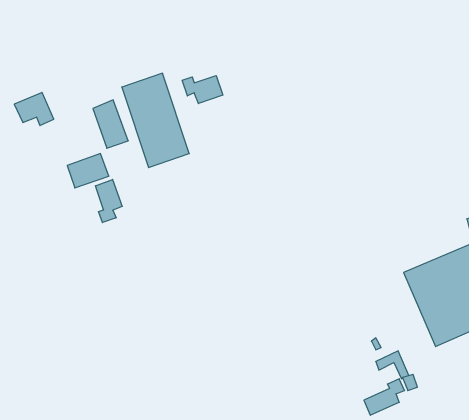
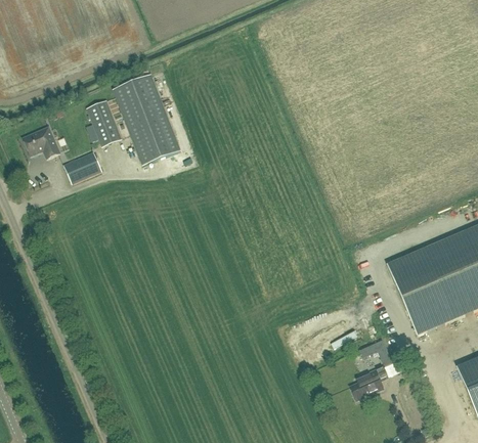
building: [182,76,223,104] -> none
building: [14,92,54,126] -> [20,127,58,159]
building: [95,179,122,223] -> none

